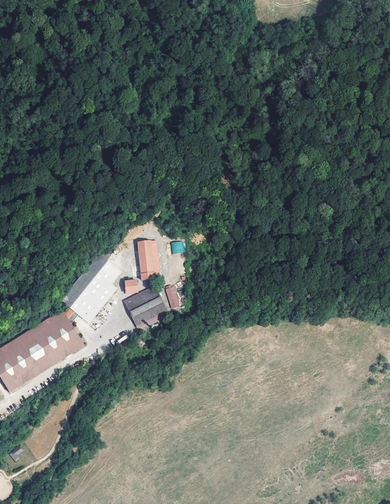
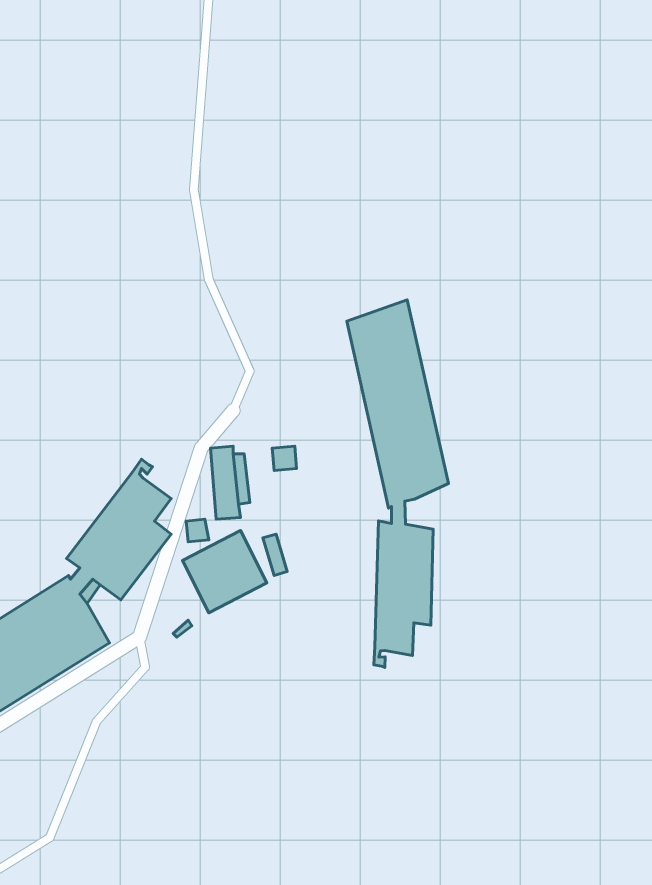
building: none -> [347,300,448,668]

